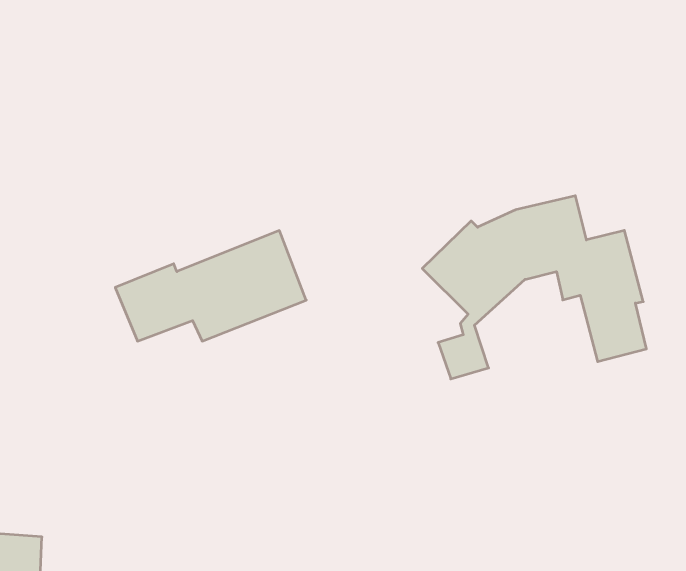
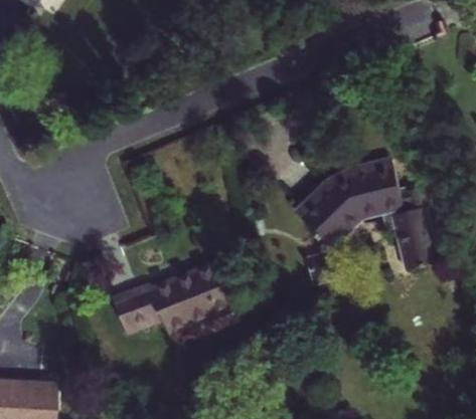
building: [115,231,306,341] -> [112,262,233,333]

